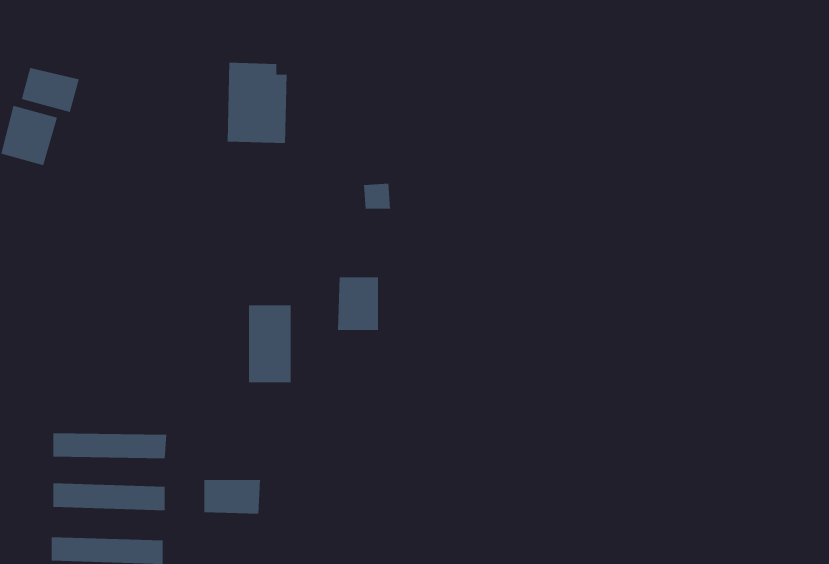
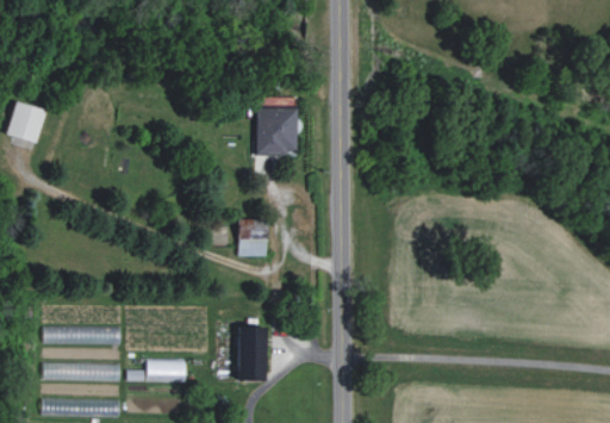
building: [227,62,288,143] -> [256,98,298,154]
building: [21,67,79,113] -> none
building: [248,305,292,383] -> [236,328,266,381]

